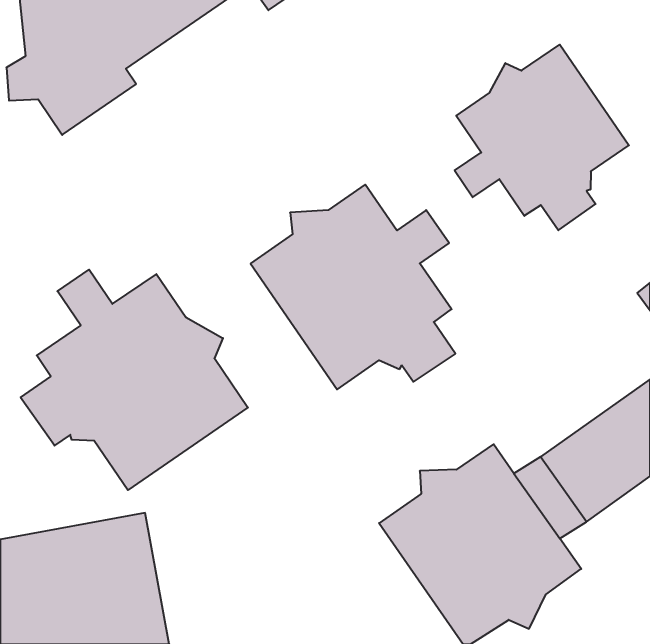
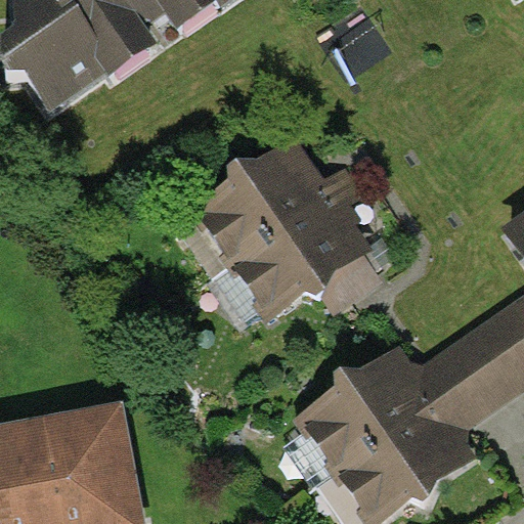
building: [455,45,629,230] -> none
building: [21,270,248,490] -> none

